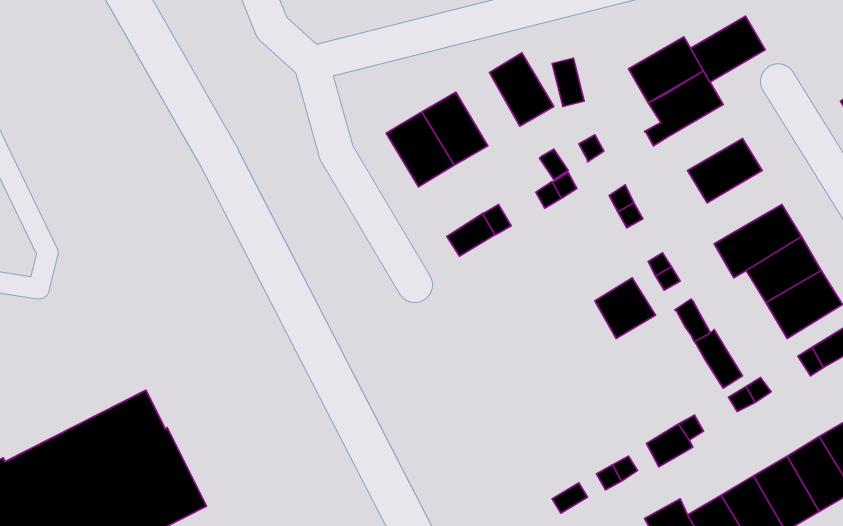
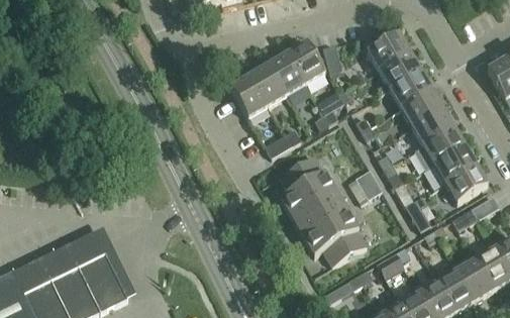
building: [690,16,765,82] -> [389,71,431,108]
building: none -> [269,52,305,94]
building: none -> [411,108,453,145]
building: none -> [280,155,367,266]

